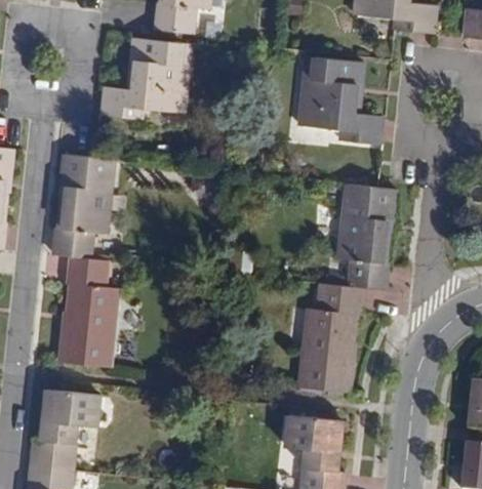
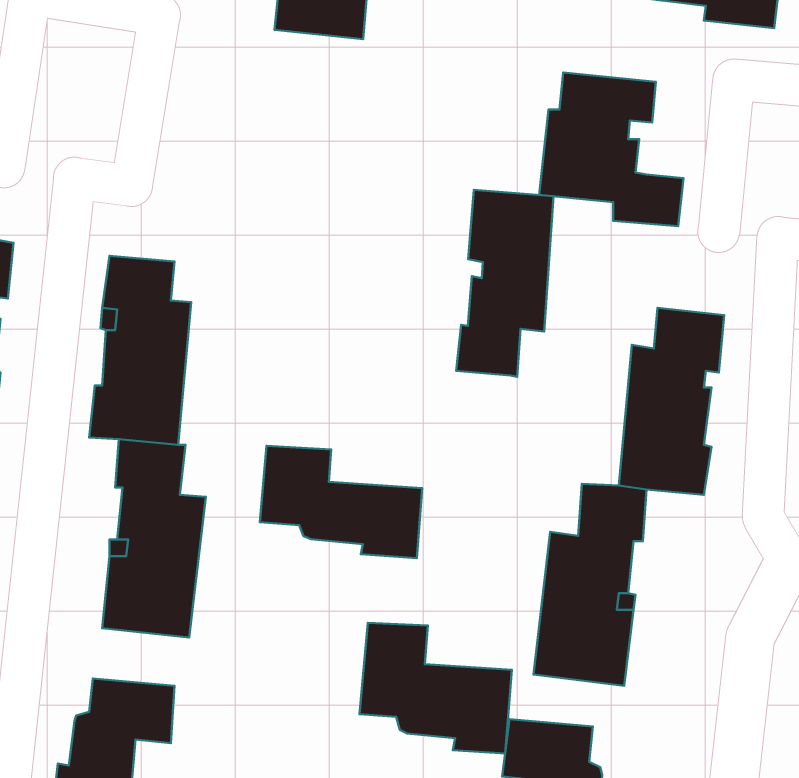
building: [103,37,187,115] -> none
building: none -> [456,190,553,377]
building: none -> [260,446,422,558]
building: none -> [360,623,512,753]

